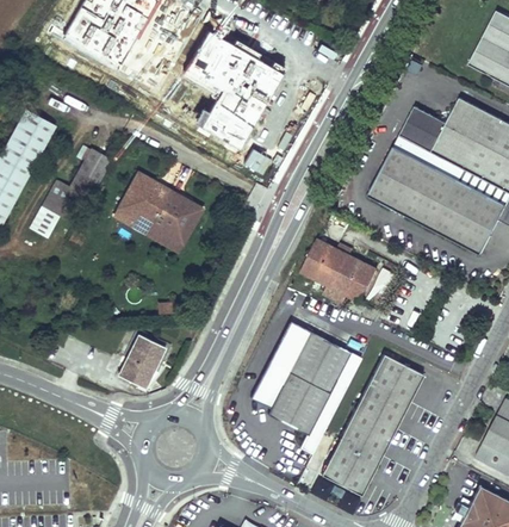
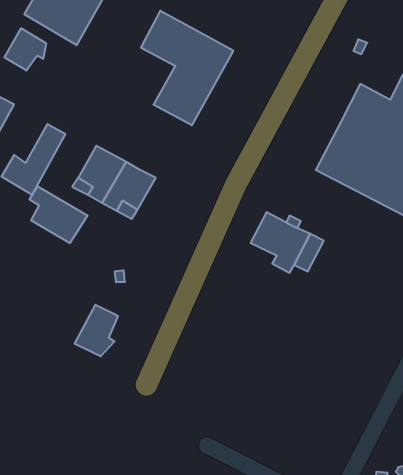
building: none -> [5,28,46,71]
building: none -> [30,186,88,243]
building: [252,321,362,453] -> none
building: [322,355,423,496] -> none

